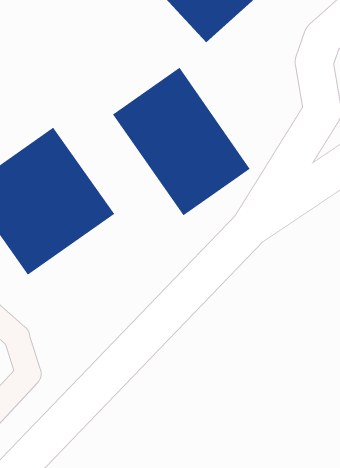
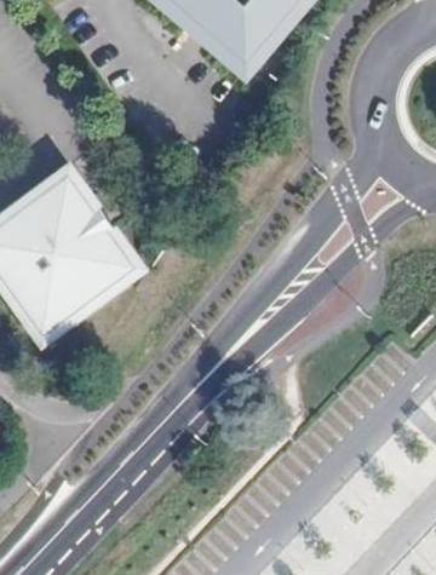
building: [112,67,251,216] -> none

